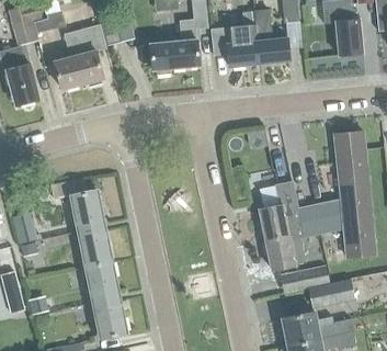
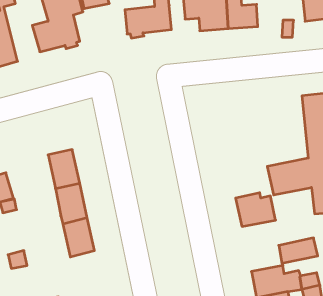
building: [259,182,305,241] -> none
building: [280,264,330,294] -> none
building: [93,296,126,338] -> none

